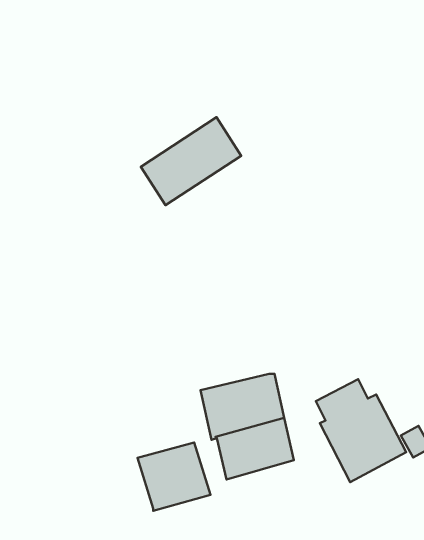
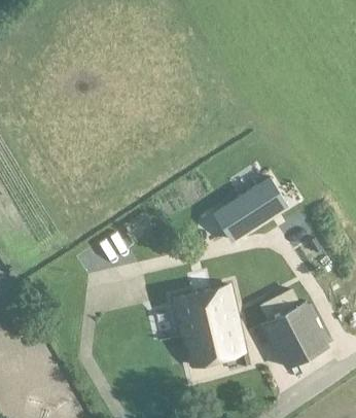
building: [141,117,241,205] -> [213,177,288,243]
building: [137,442,211,511] -> none

